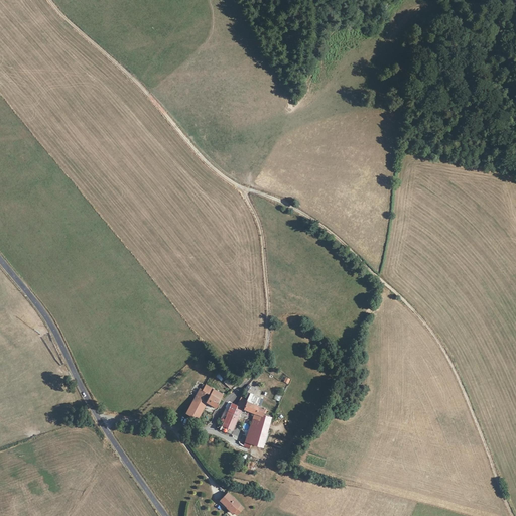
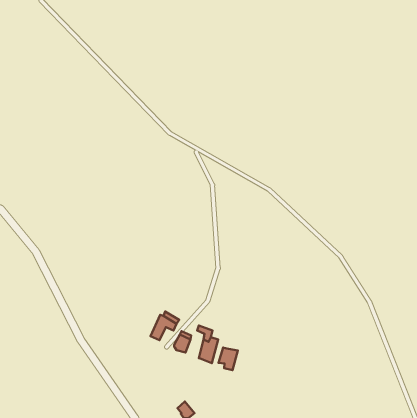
building: none -> [219,348,238,370]

